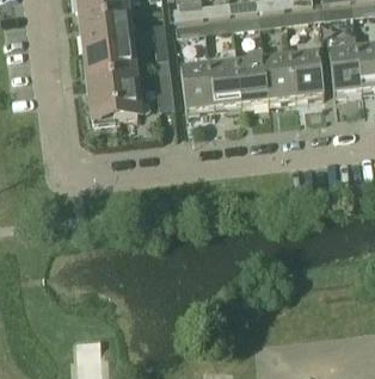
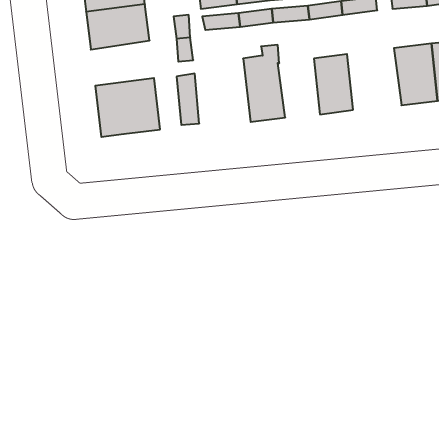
building: [86,42,136,77] -> none
building: [289,49,322,97] -> none
building: [179,56,213,110] -> none
building: [234,56,268,102] -> none

